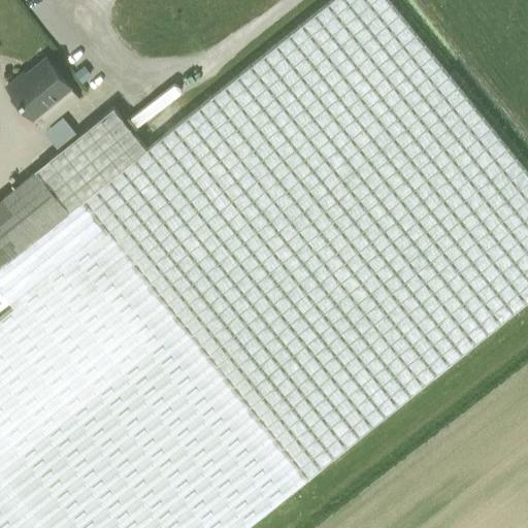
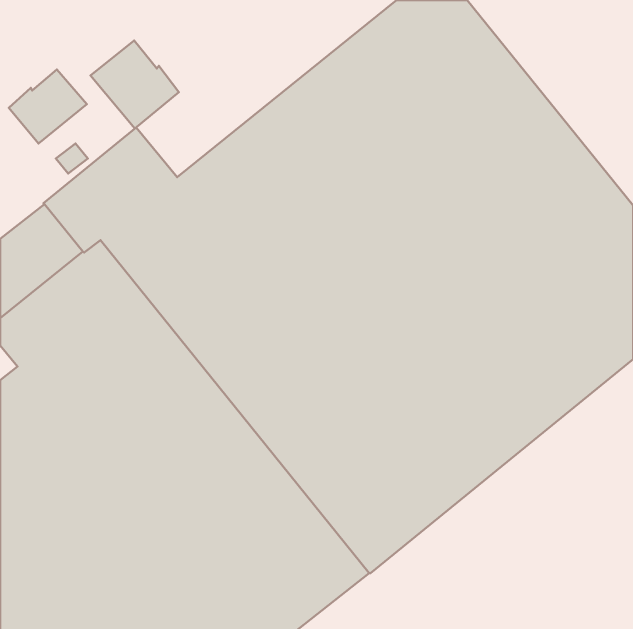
building: none -> [91,40,179,129]

